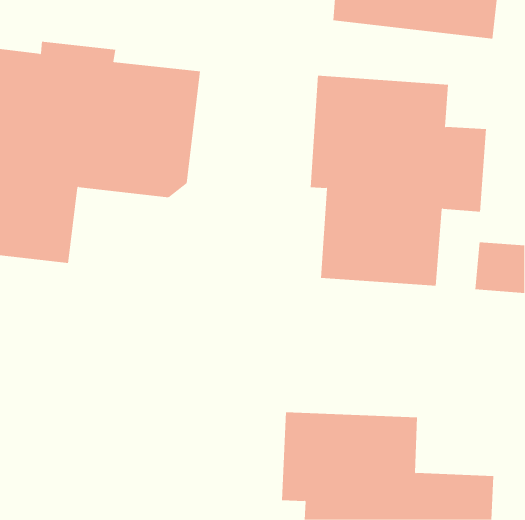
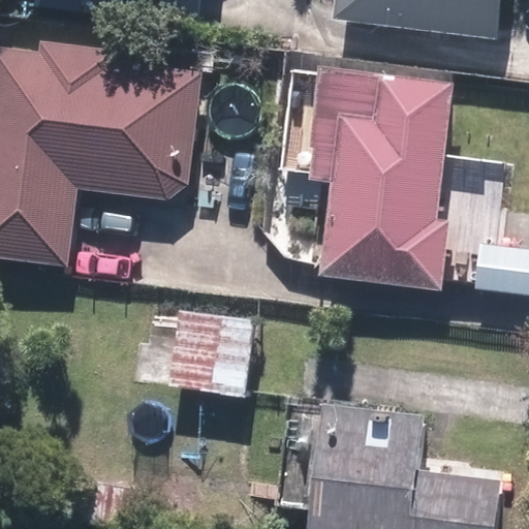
building: none -> [172,304,251,395]

